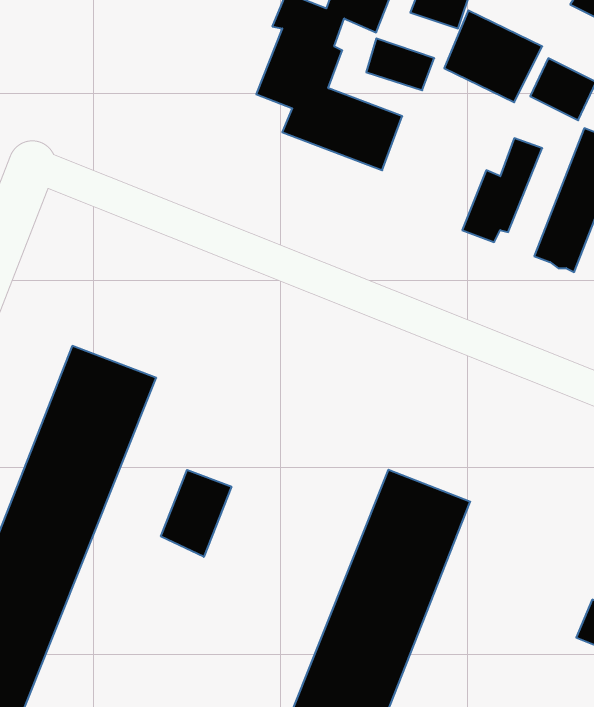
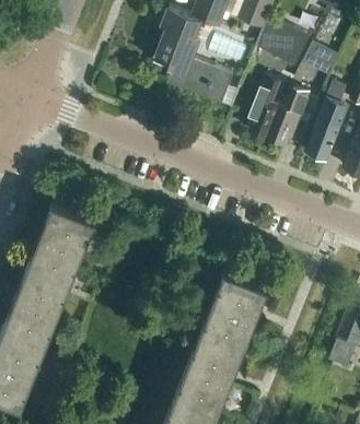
building: none -> [247,74,280,137]
building: [161,470,231,557] -> none

